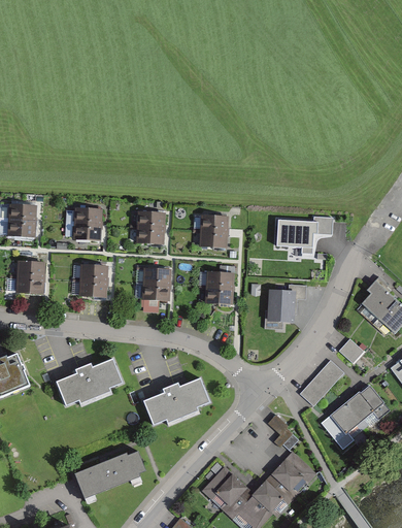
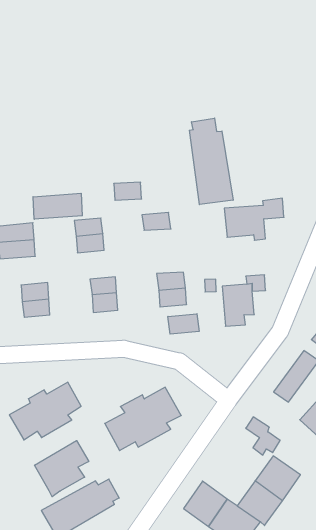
building: none -> [189,118,233,205]
building: none -> [33,193,82,219]
building: [200,229,226,246] -> [114,182,142,200]
building: none -> [168,314,199,334]
building: none -> [35,441,89,497]

